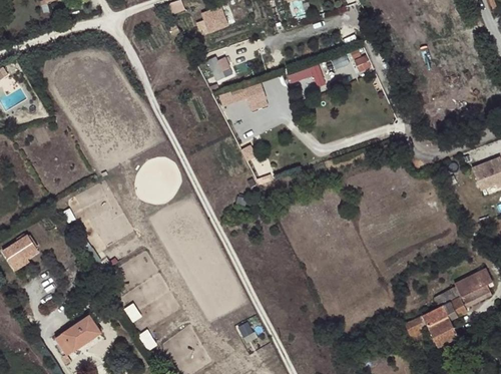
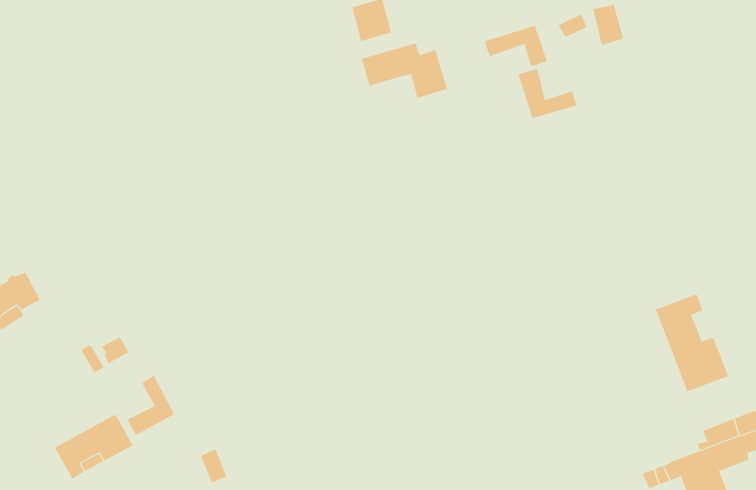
building: none -> [518,68,577,119]
building: none -> [655,293,729,392]
building: none -> [127,375,175,436]

